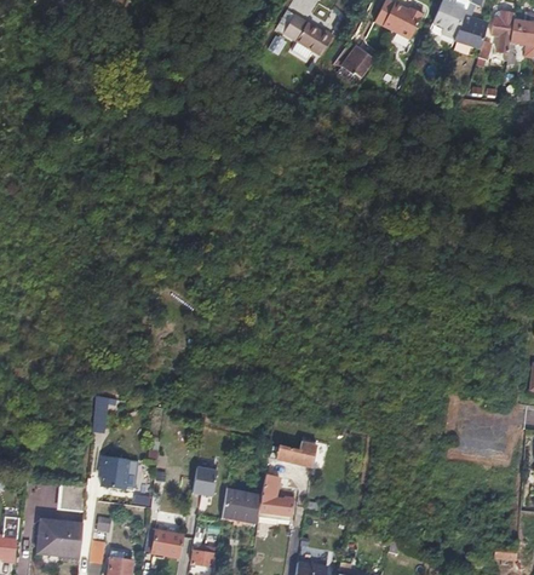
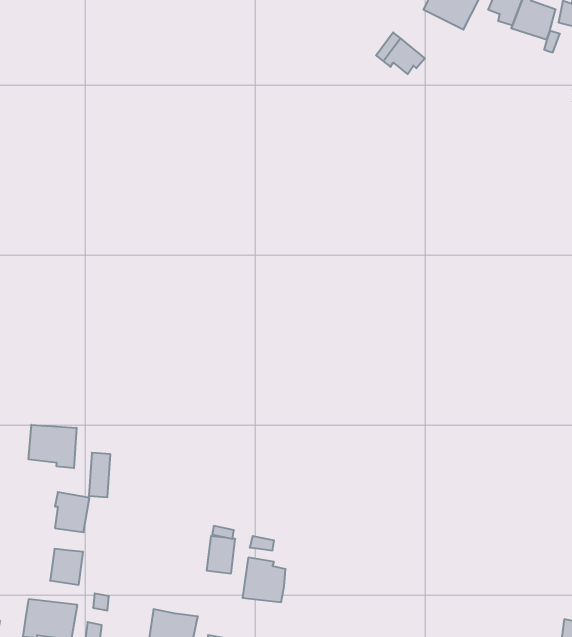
building: [282,19,331,62] -> none
building: none -> [29,425,77,468]
building: [268,441,318,466] -> none
building: [102,454,131,488] -> [55,492,89,532]
building: [260,475,294,513] -> none

